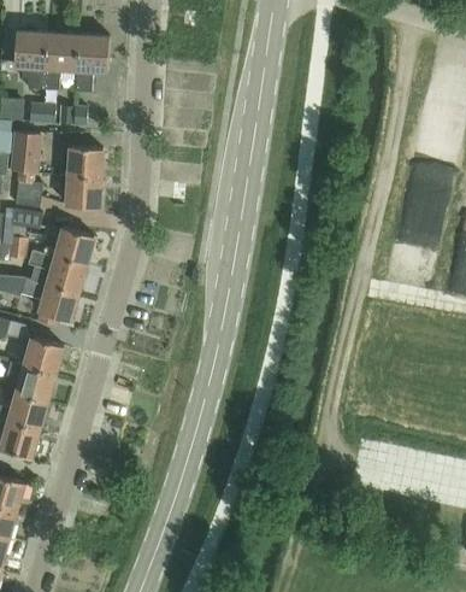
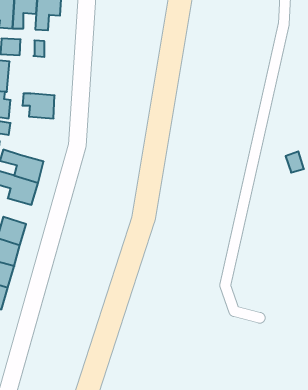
building: [69,146,102,177] -> none
building: [55,227,94,264] -> none

